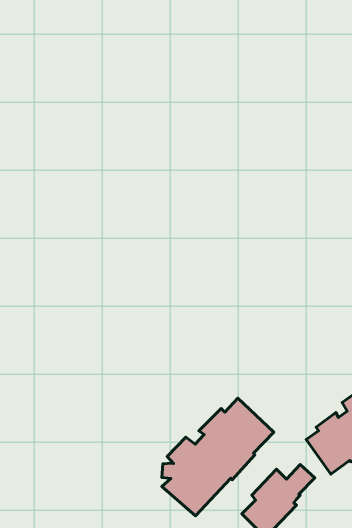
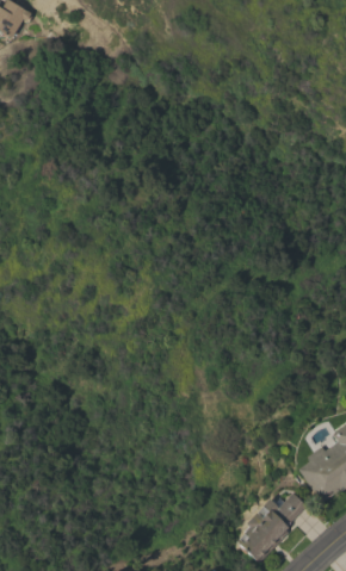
building: [162,398,274,516] -> none

